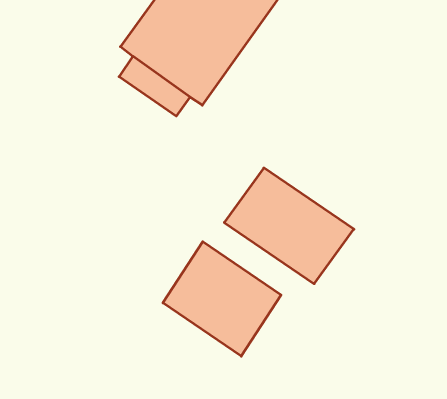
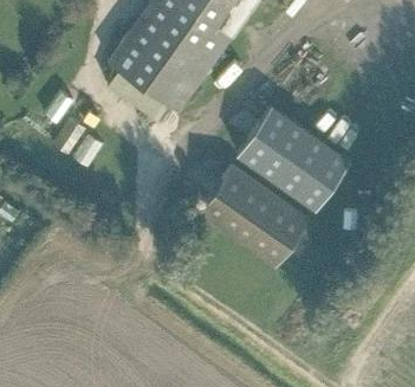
building: none -> [236,104,351,211]
building: [163,242,281,356] -> none

